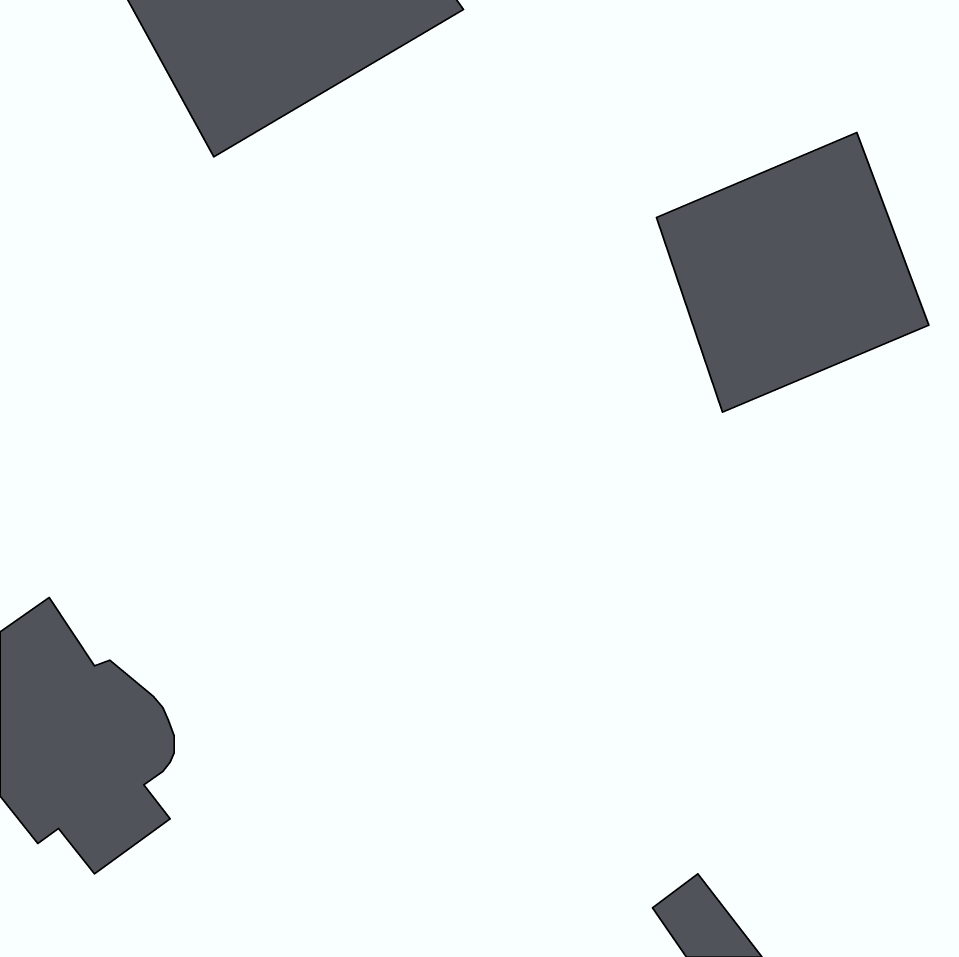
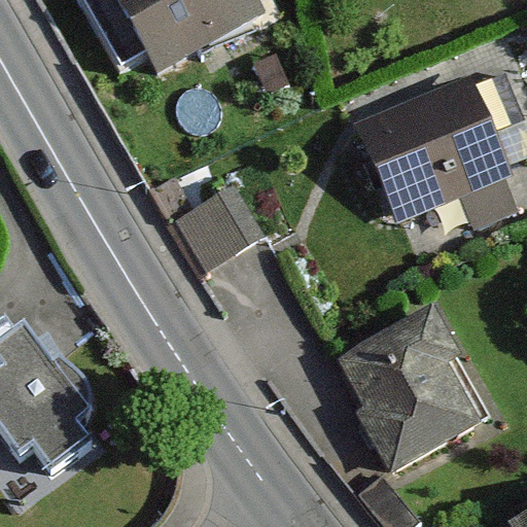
building: none -> [171,186,262,278]
building: none -> [343,302,485,478]

